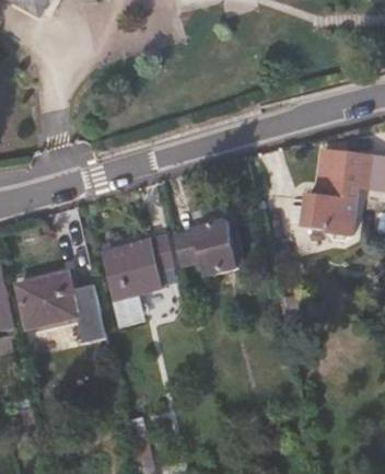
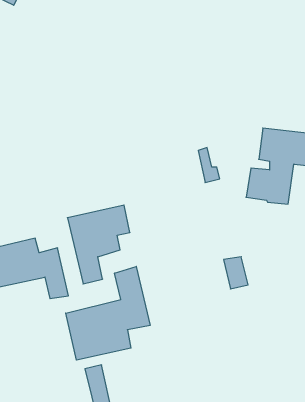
building: [172,221,236,276] -> none
building: none -> [66,266,150,360]

